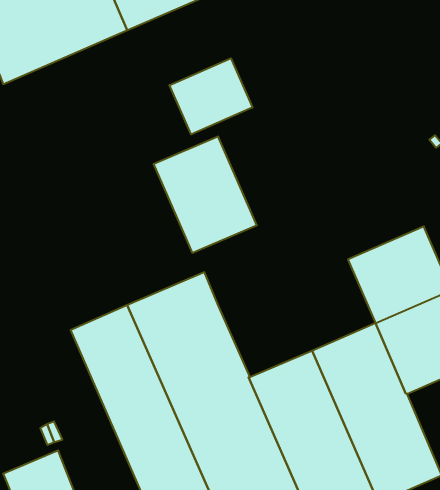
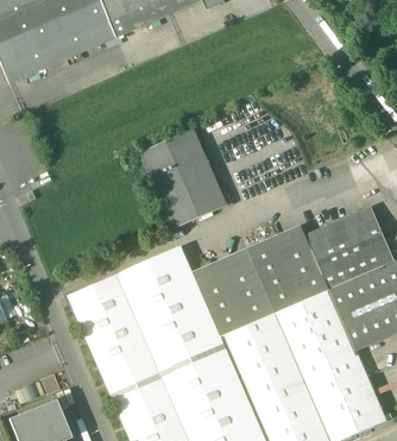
building: [169,58,252,134] -> none
building: none -> [194,227,329,335]

